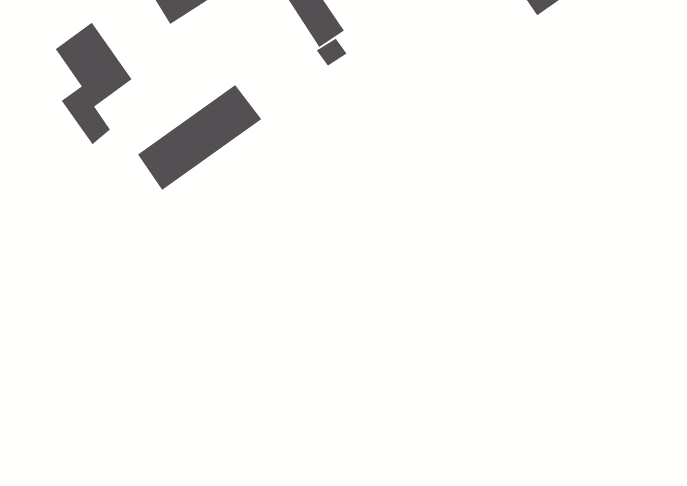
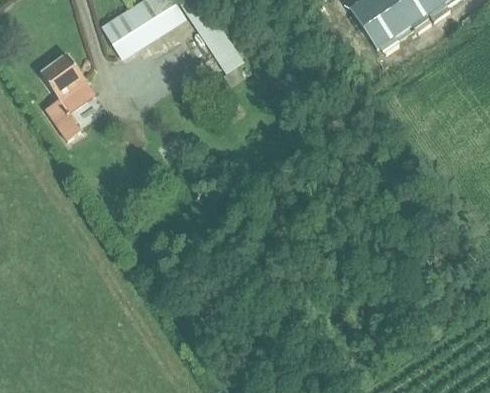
building: [137,84,262,191] -> none

